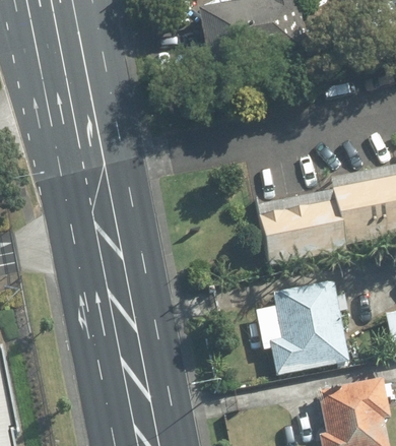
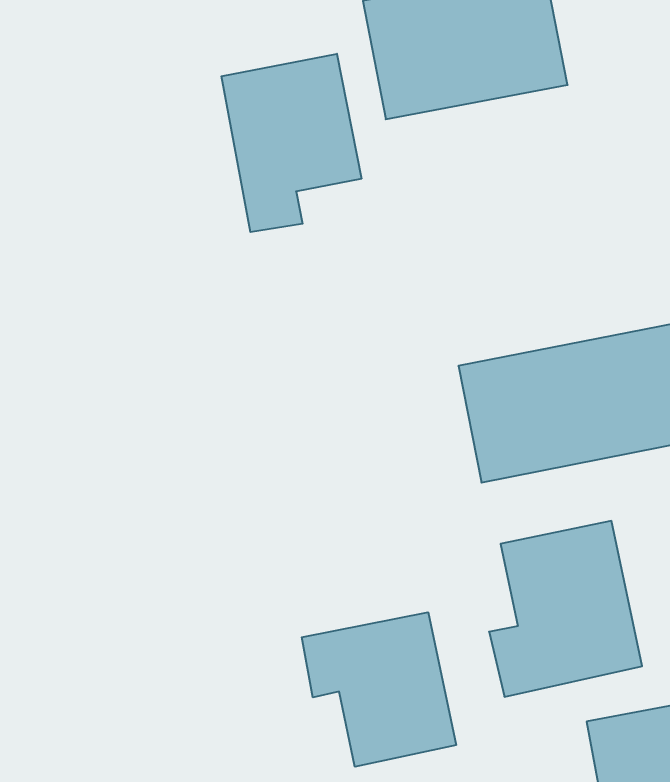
building: none -> [221,54,361,232]
building: none -> [302,612,456,767]

